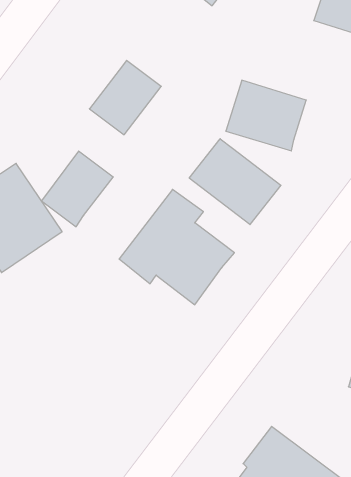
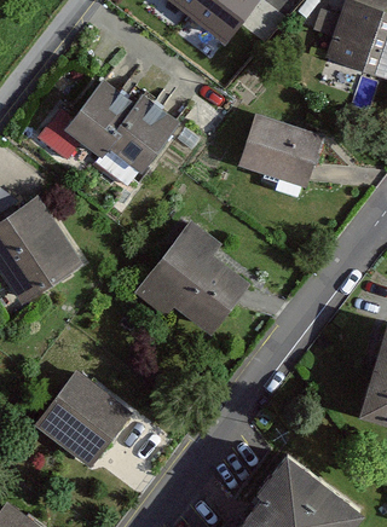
building: [189,139,281,225] -> none
building: [41,151,113,227] -> [67,81,137,155]
building: none -> [35,371,131,465]

